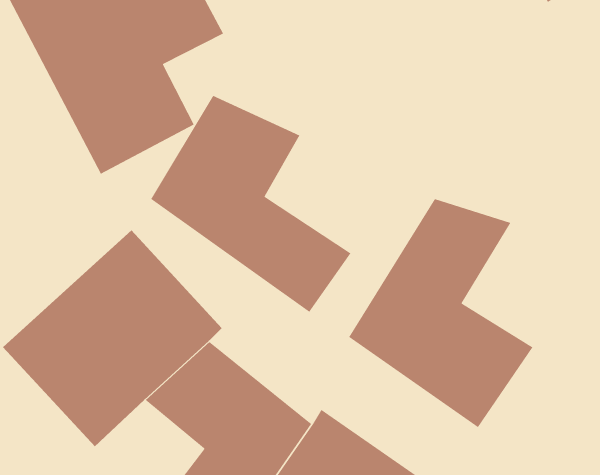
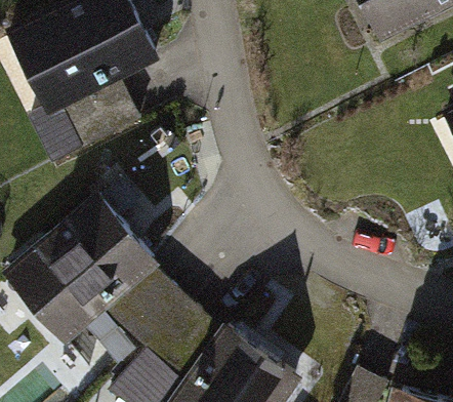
building: [150,95,351,313] -> none
building: [348,198,534,428] -> none

